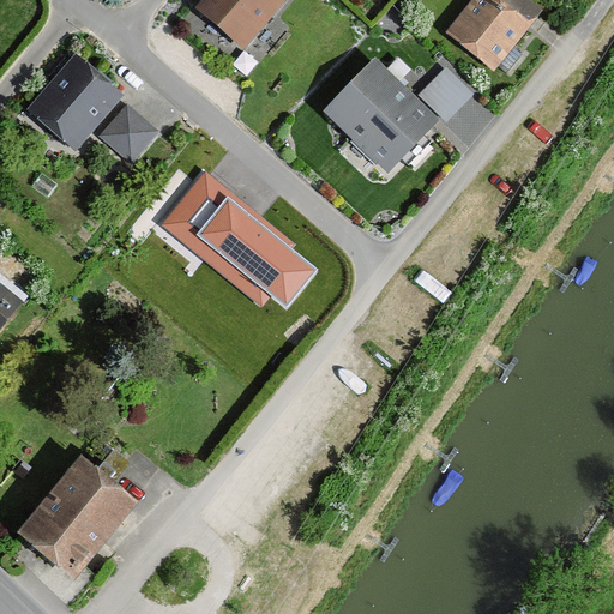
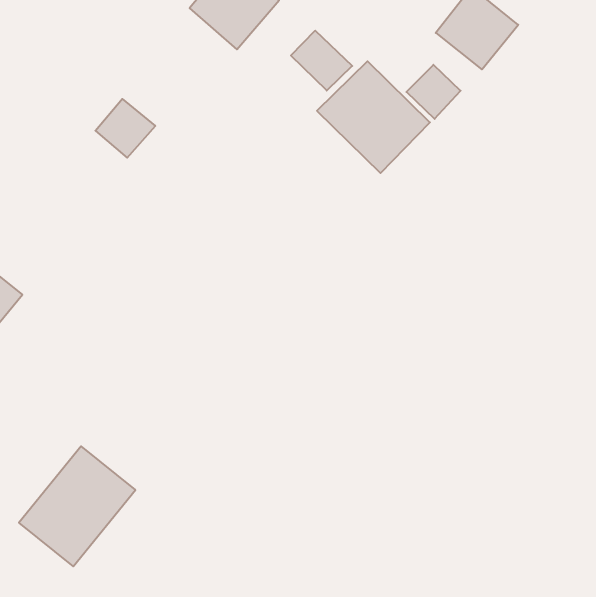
building: none -> [291,31,352,91]
building: [26,49,124,148] -> none
building: [162,173,312,305] -> none

